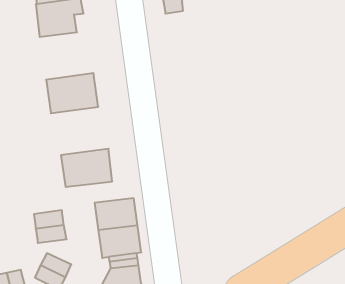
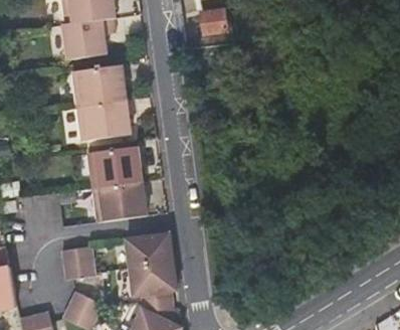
building: none -> [70,65,126,106]
building: none -> [85,140,142,187]

